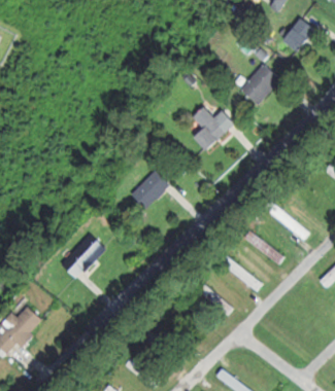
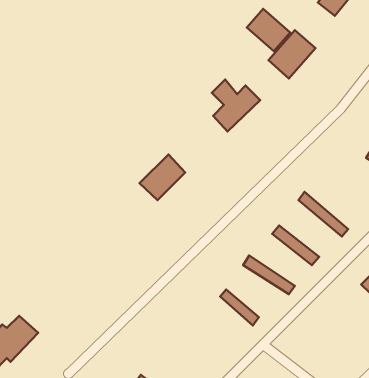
building: none -> [247,9,290,51]
building: [60,235,105,280] -> none

